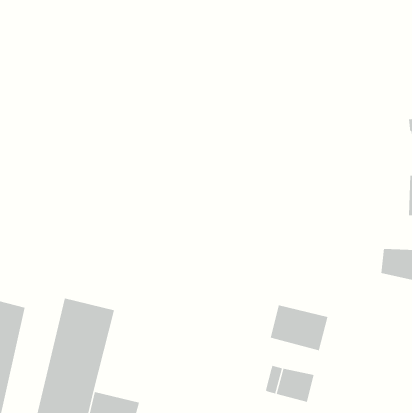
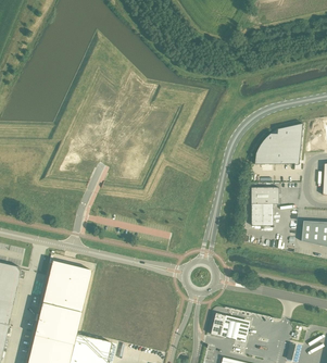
building: none -> [254,123,303,164]
building: none -> [251,187,278,225]
building: [270,304,328,351] -> none

